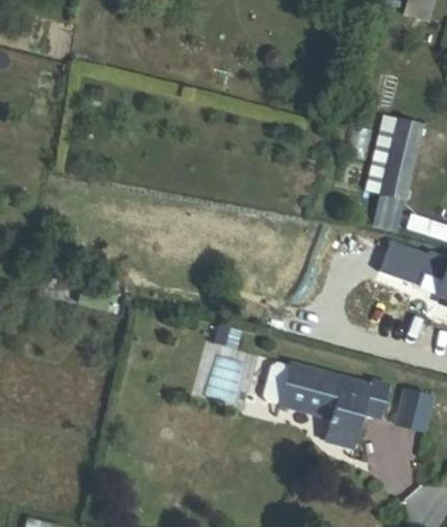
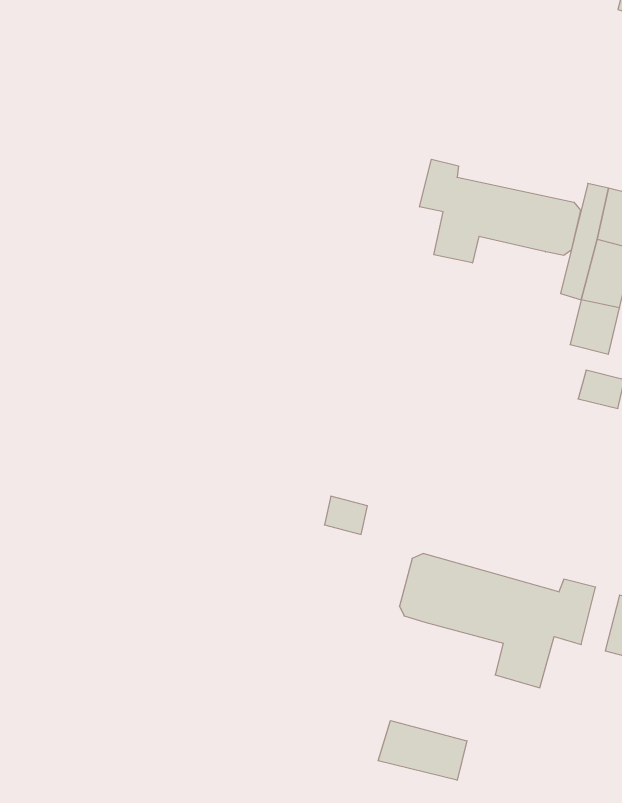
building: none -> [420,159,580,263]
building: none -> [378,721,467,780]

